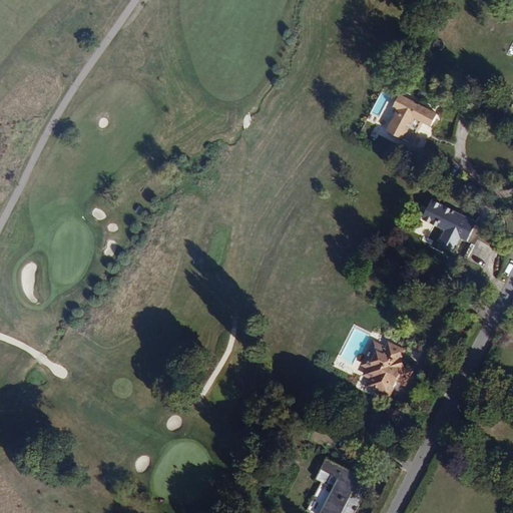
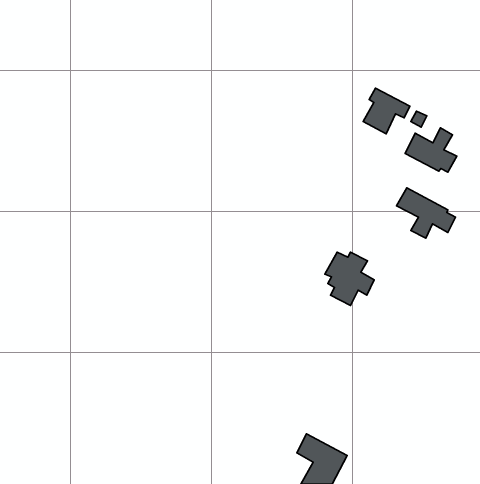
building: none -> [405,128,457,172]
building: [358,341,410,397] -> [325,252,374,305]

